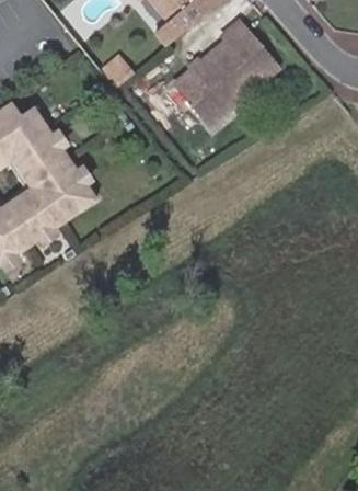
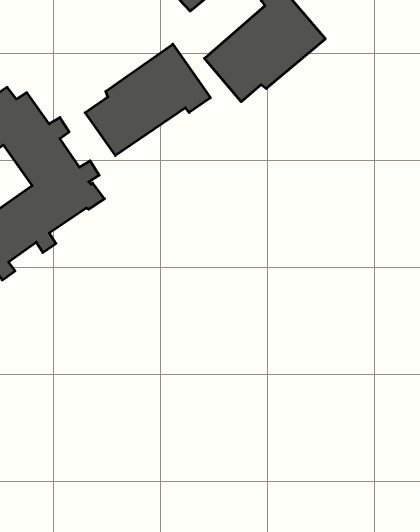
building: none -> [85,44,210,156]

